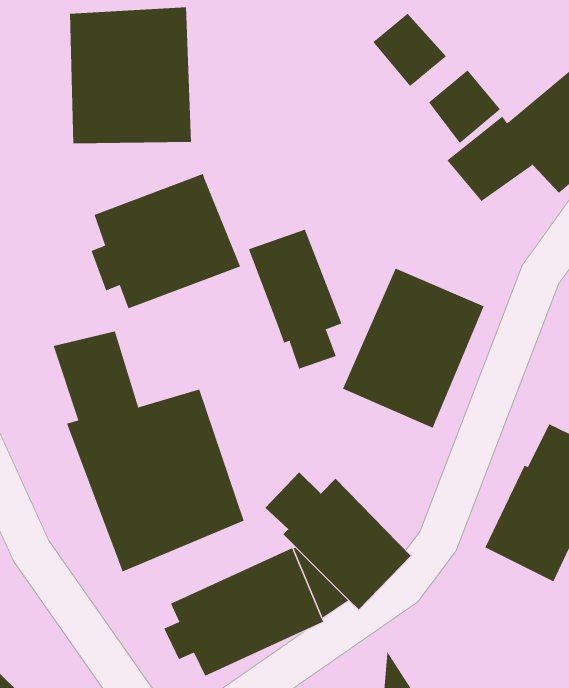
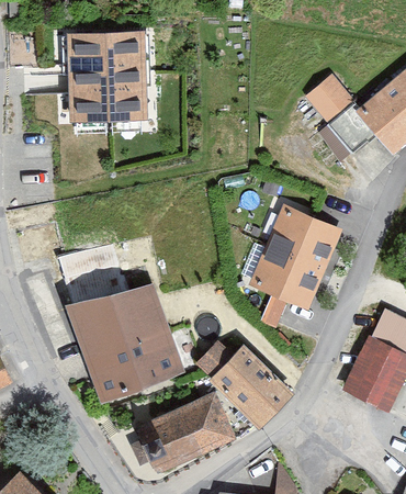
building: [373,13,447,87] -> none
building: [91,173,241,309] -> none
building: [248,229,342,369] -> none

